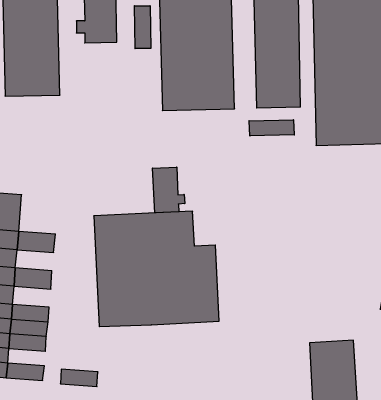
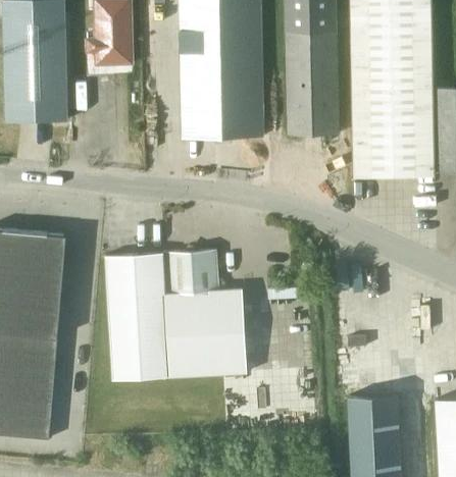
building: [134,6,151,49] -> none
building: [249,120,294,136] -> none
building: [153,167,185,213] -> none
building: none -> [21,232,65,276]
building: none -> [17,294,60,317]
building: none -> [14,334,57,358]
building: [60,369,98,387] -> [9,404,51,423]

